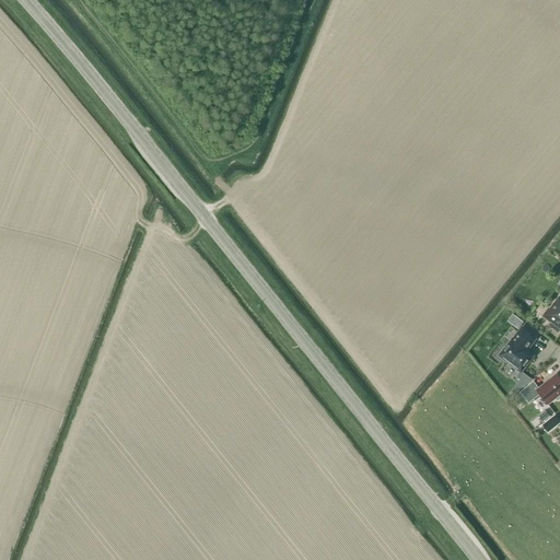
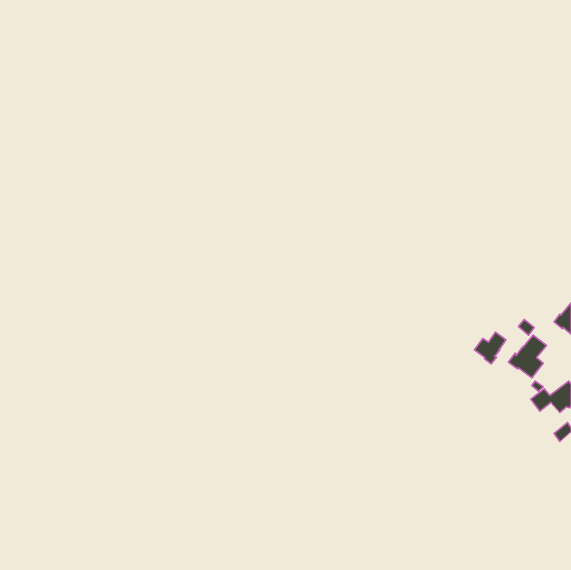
building: none -> [474,332,506,364]

